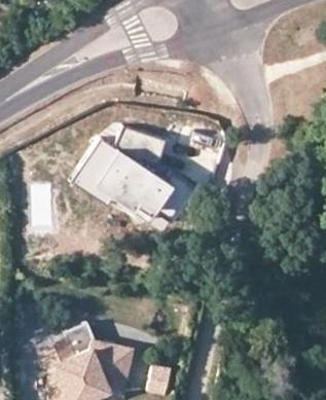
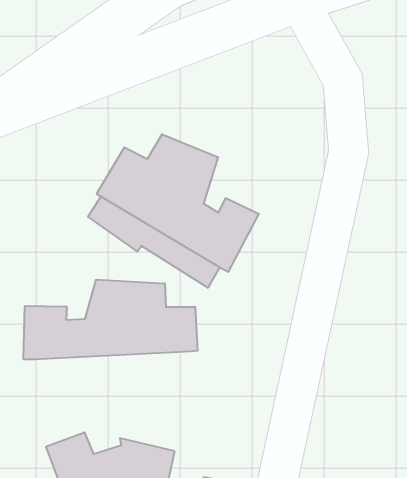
building: none -> [24,280,197,359]

